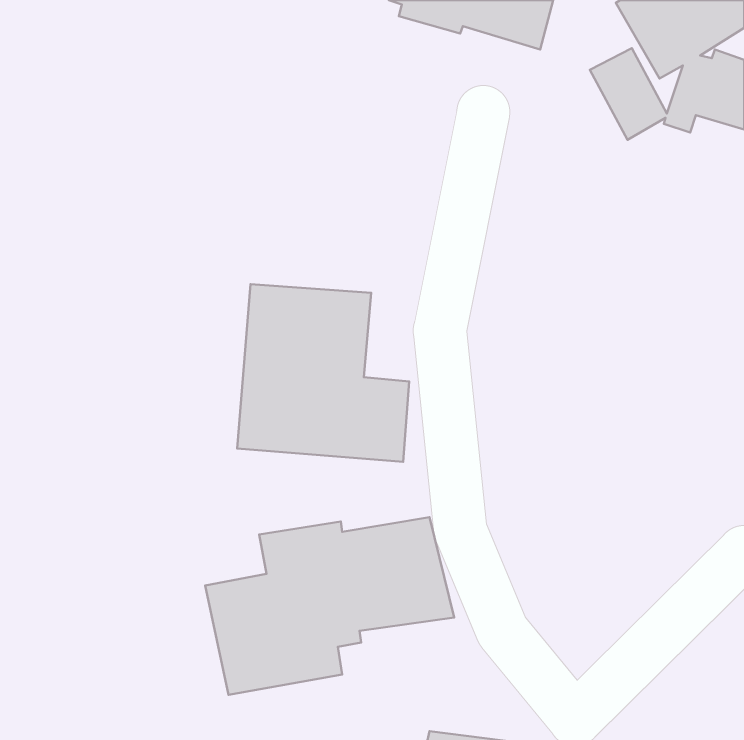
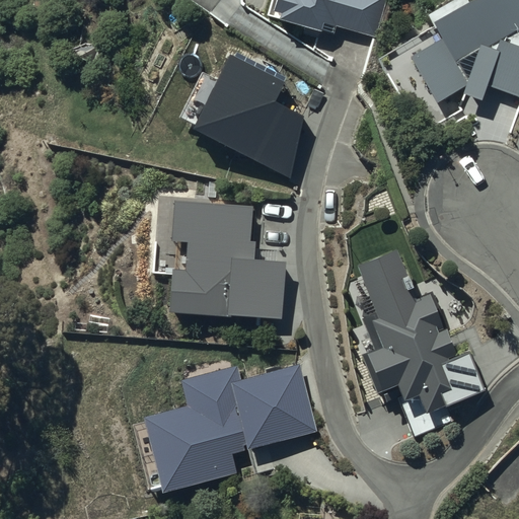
building: none -> [192,60,305,181]
building: none -> [351,233,486,414]

